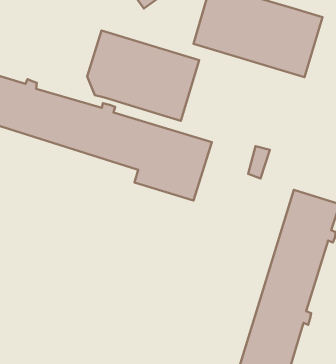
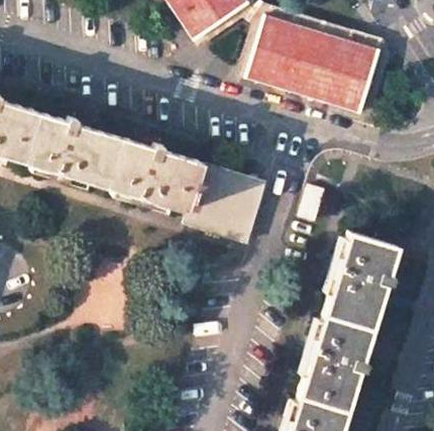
building: [87,31,199,121] -> none

